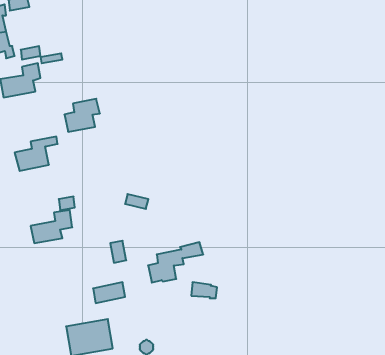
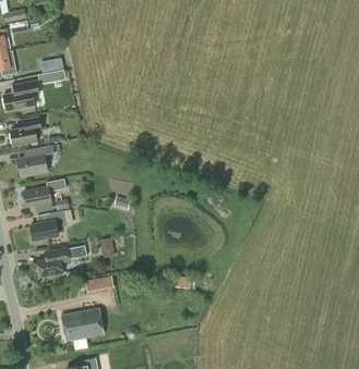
building: [64,99,100,132] -> [10,115,41,145]
building: none -> [22,185,53,212]
building: [148,242,203,283] -> [38,246,87,282]

